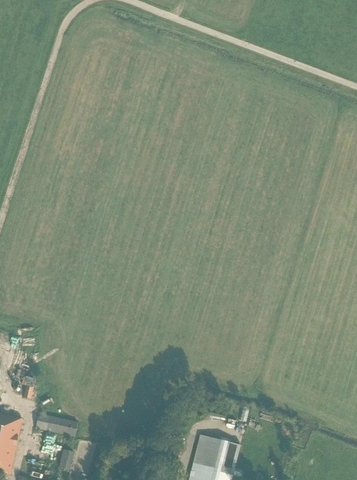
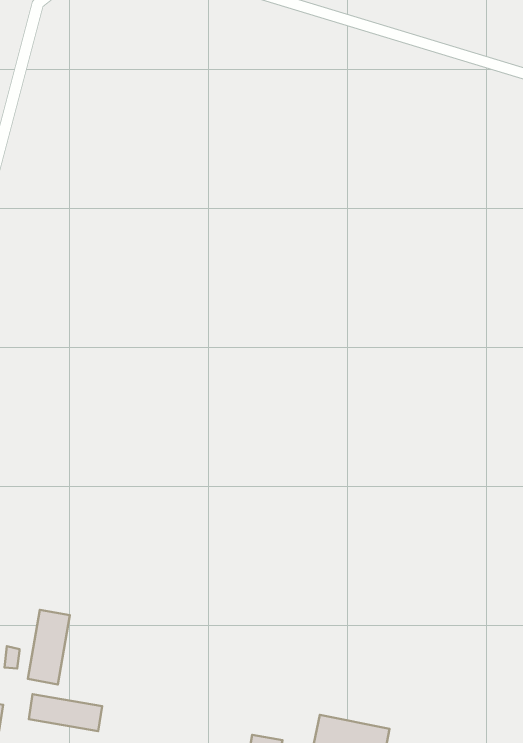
building: none -> [28,610,70,684]

